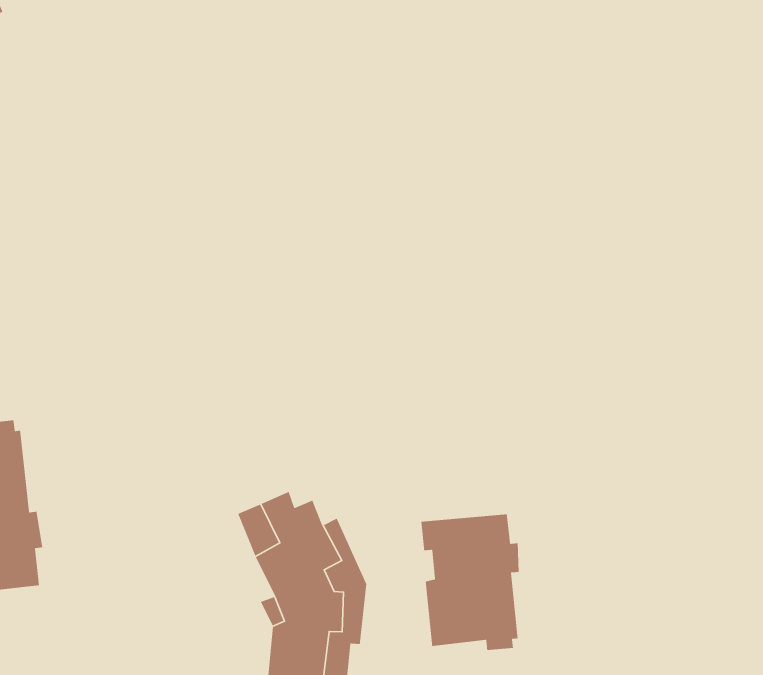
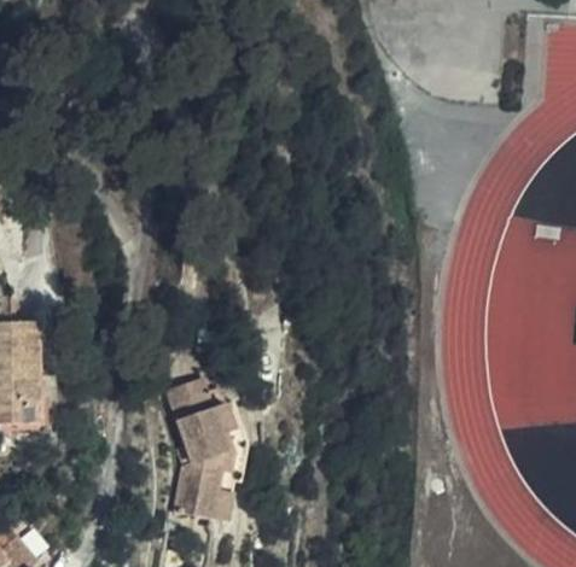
building: [421,513,520,651] -> none

